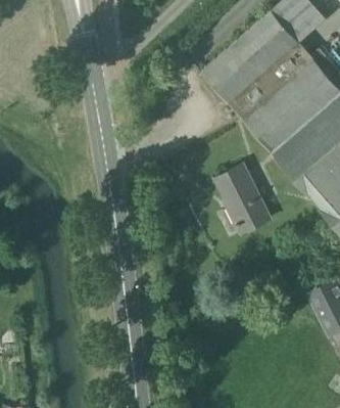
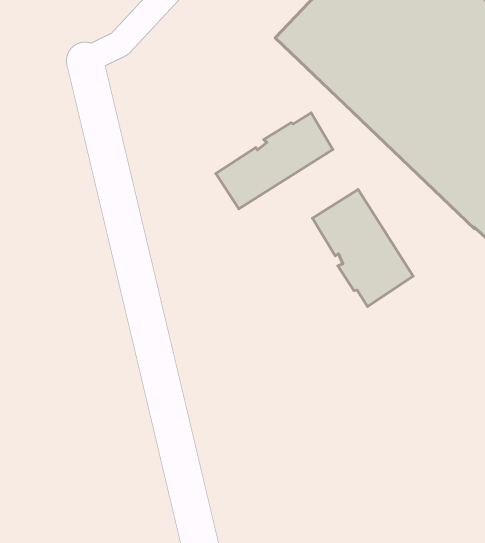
building: none -> [216,113,333,209]

